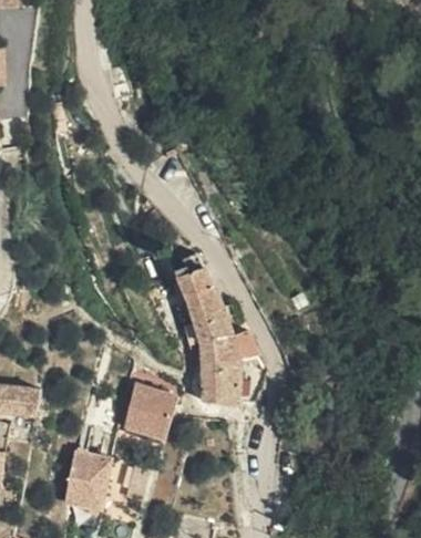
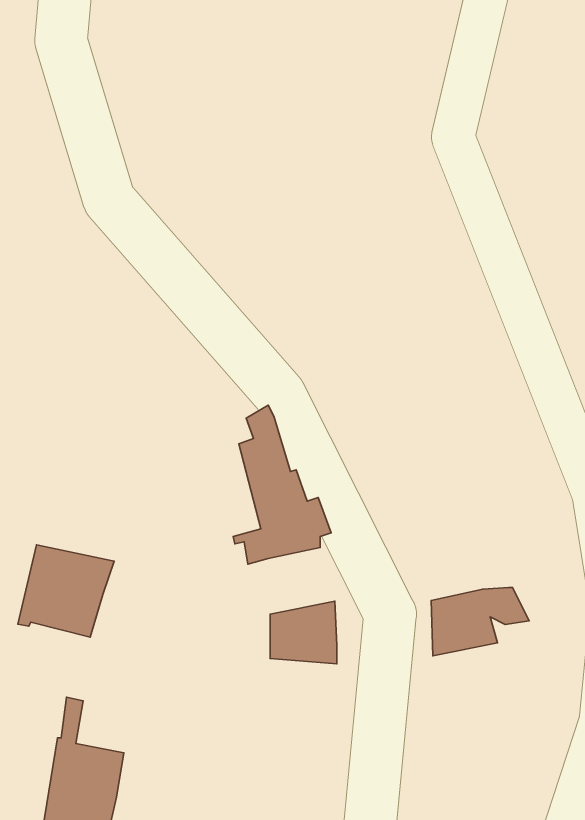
building: [198,331,257,372] -> [431,587,529,656]
building: [121,383,178,438] -> [18,545,114,637]

